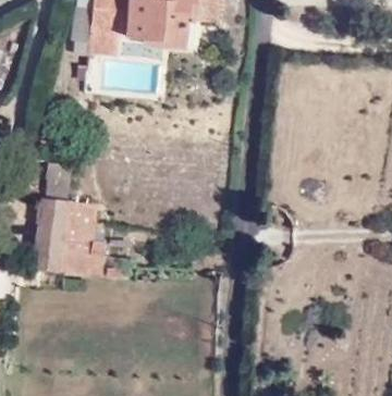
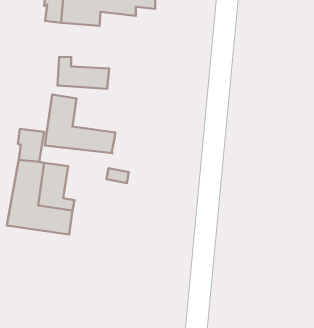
building: none -> [58,57,109,89]
building: none -> [45,95,115,153]

